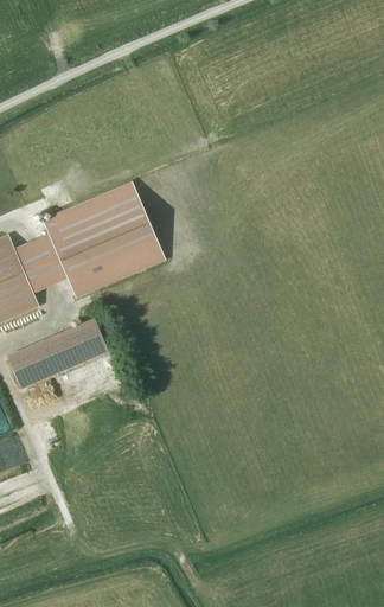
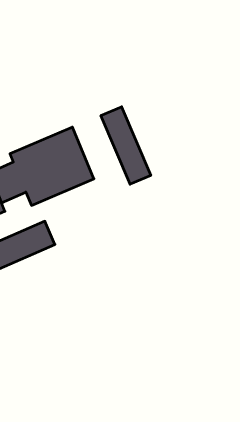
building: none -> [101,107,151,184]

